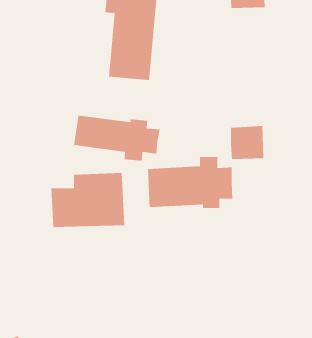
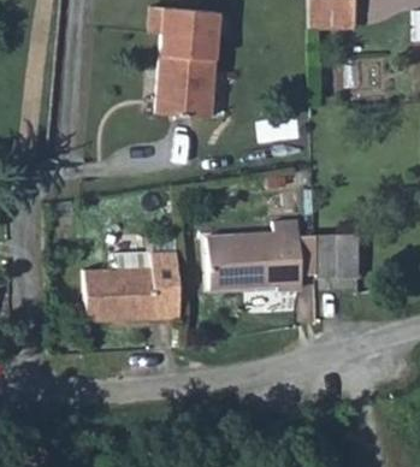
building: [74,115,160,162] -> none
building: [230,125,264,160] -> [314,230,357,273]

